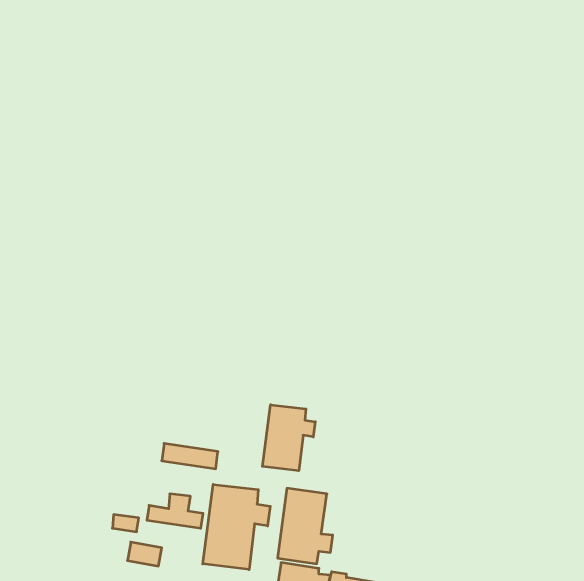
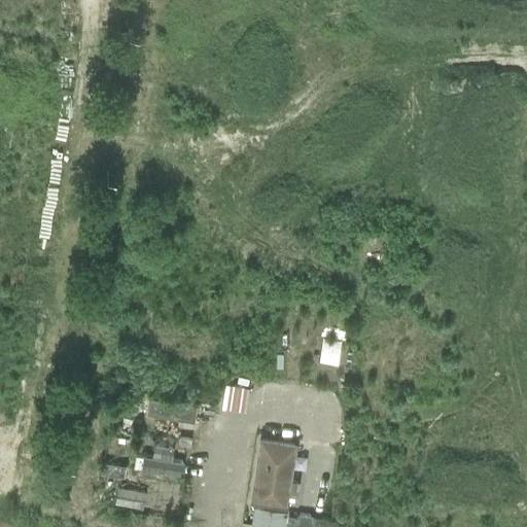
building: [262,405,315,471] -> none
building: [203,484,270,570] -> none

